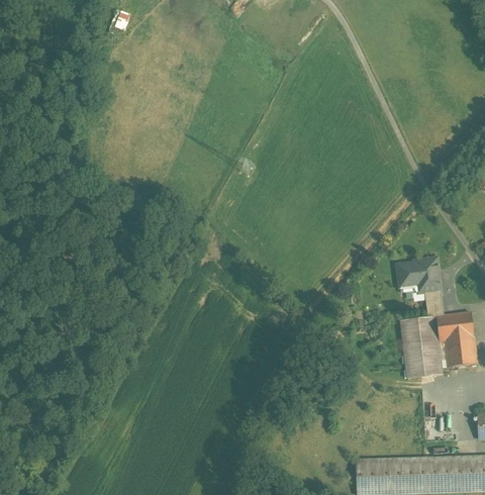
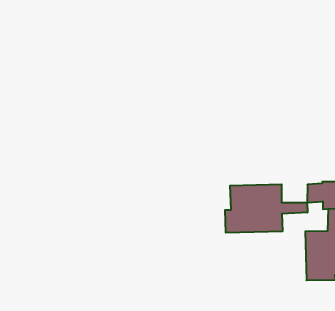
building: none -> [225,184,307,233]

